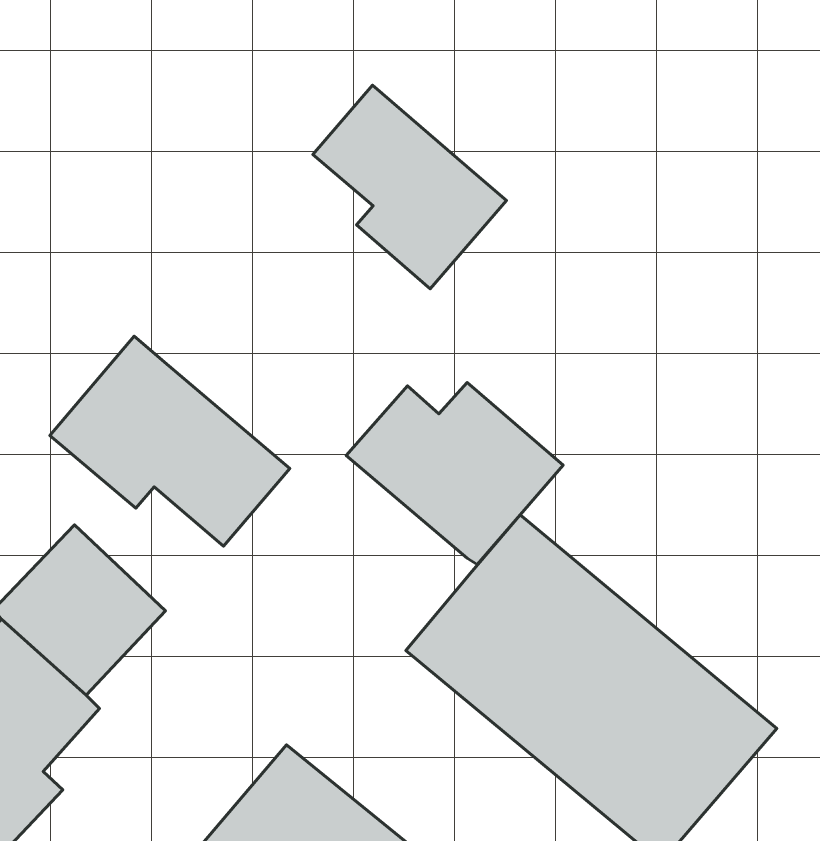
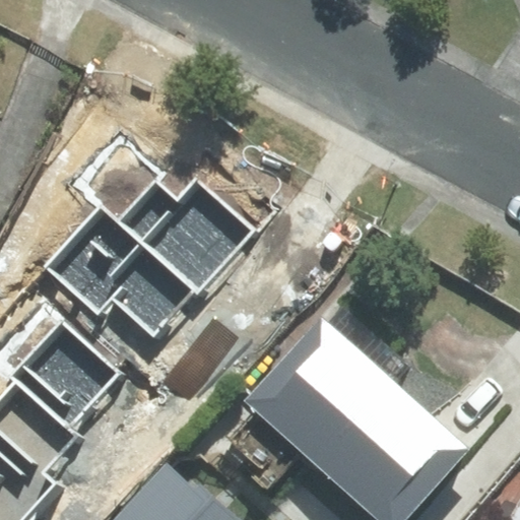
building: [313,85,506,289] -> none
building: [346,383,563,565] -> [104,183,237,295]

